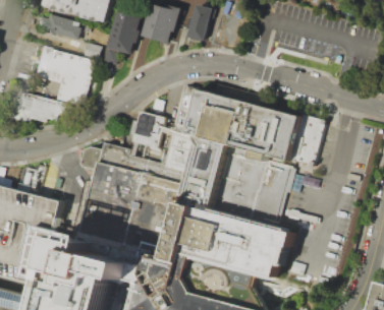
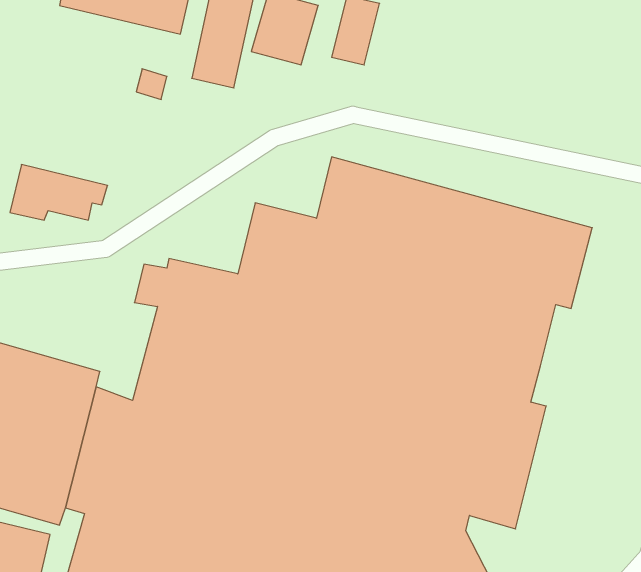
building: [34,13,76,37] -> none
building: [34,48,93,105] -> none

